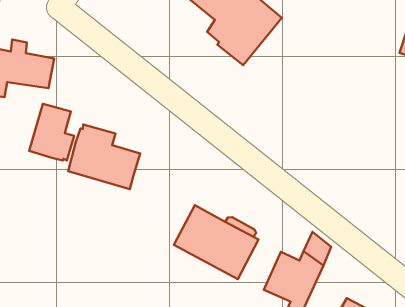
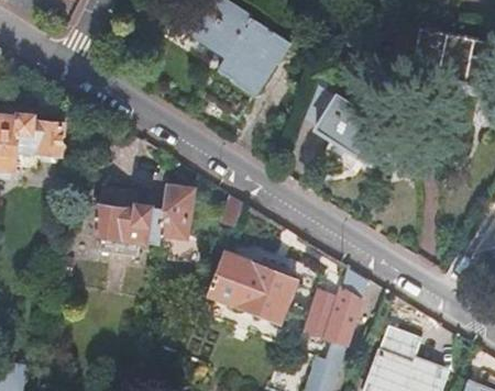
building: none -> [316,98,390,165]
building: [29,104,74,160] -> none
building: none -> [157,186,190,234]

